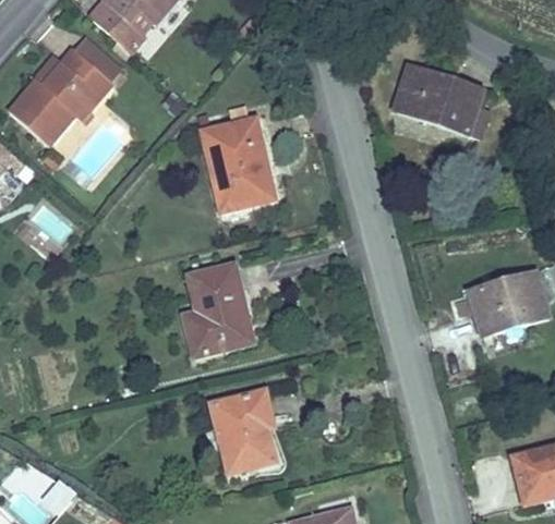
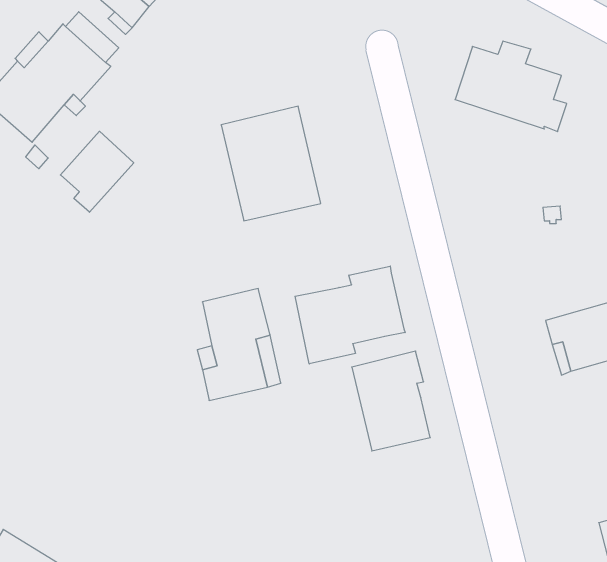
building: none -> [60,131,134,212]
building: none -> [295,266,405,364]
building: [212,390,276,472] -> [352,351,430,451]

